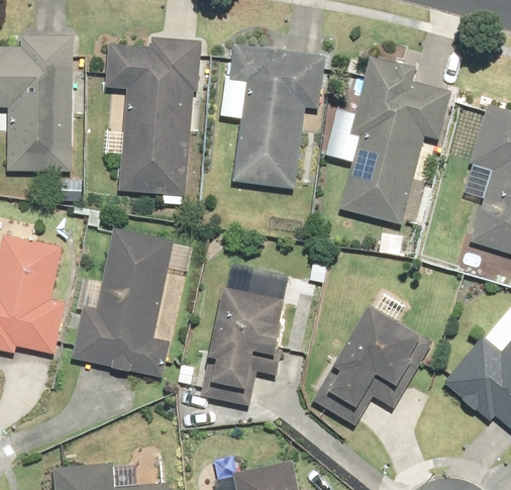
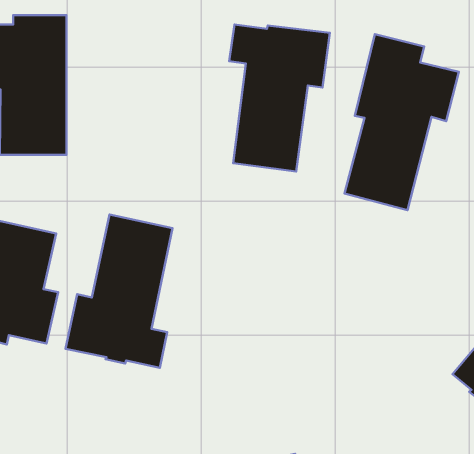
building: [106,37,201,196] -> none
building: [202,287,285,406] -> none
building: [312,305,431,426] -> none

